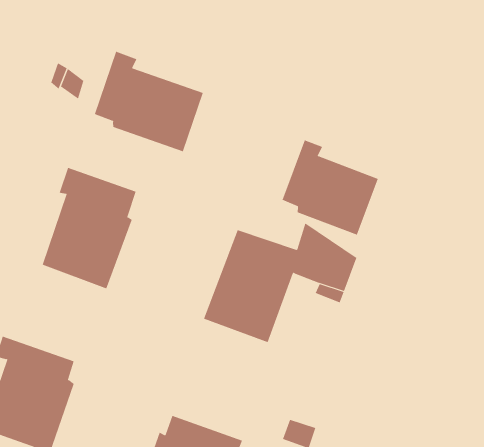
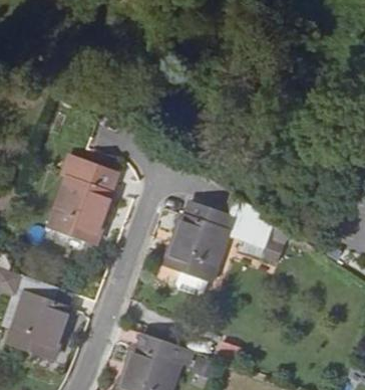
building: [94,51,203,152] -> none
building: [282,139,379,236] -> none

